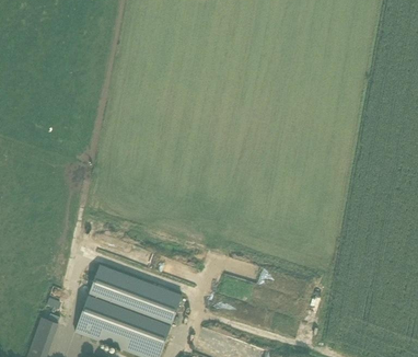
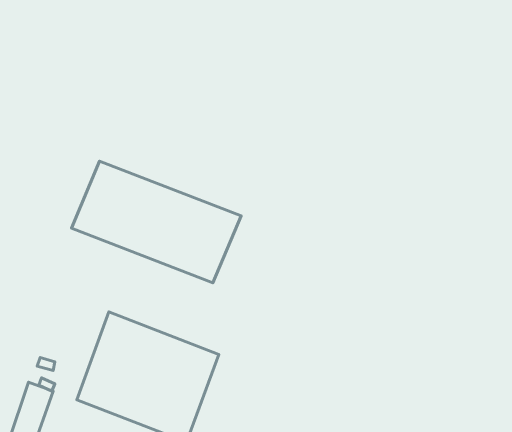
building: none -> [71,161,241,283]

